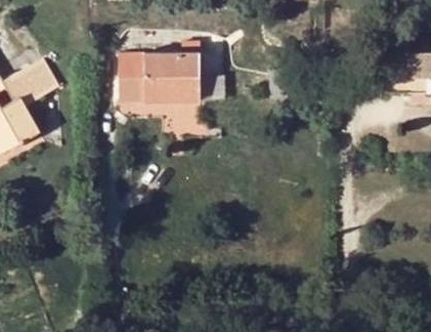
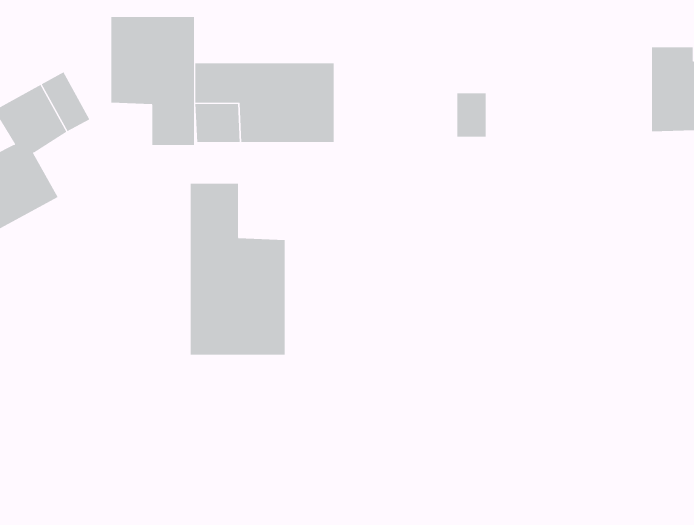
building: none -> [111,16,195,146]
building: none -> [190,183,285,356]

